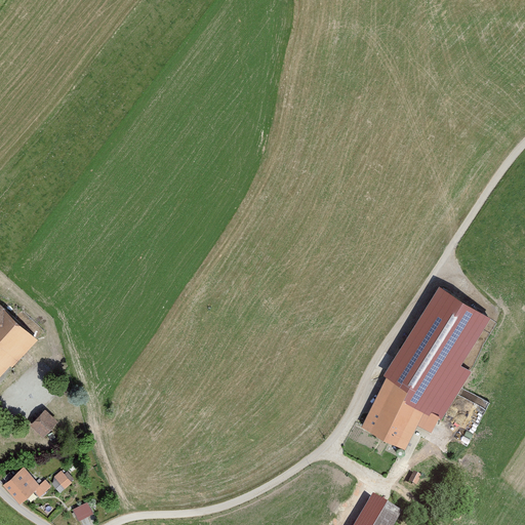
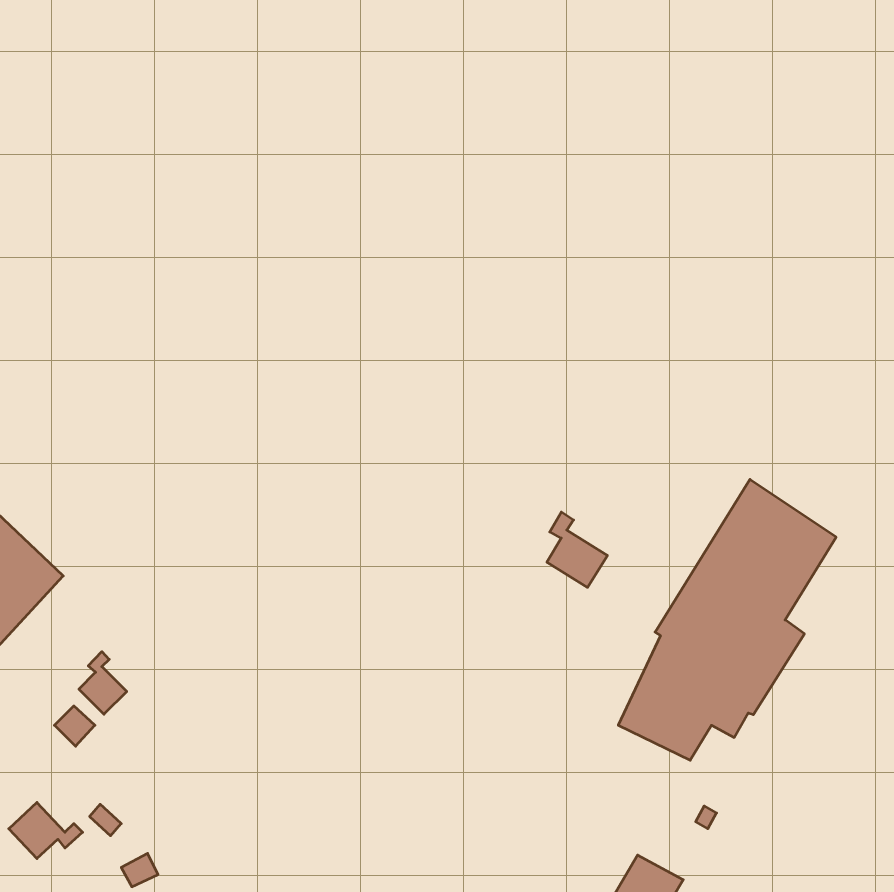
building: none -> [547,512,607,587]
building: none -> [79,652,127,714]

